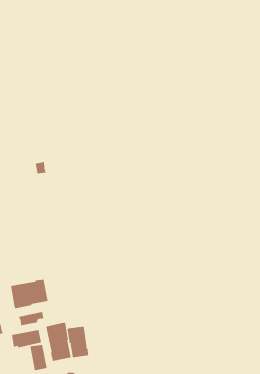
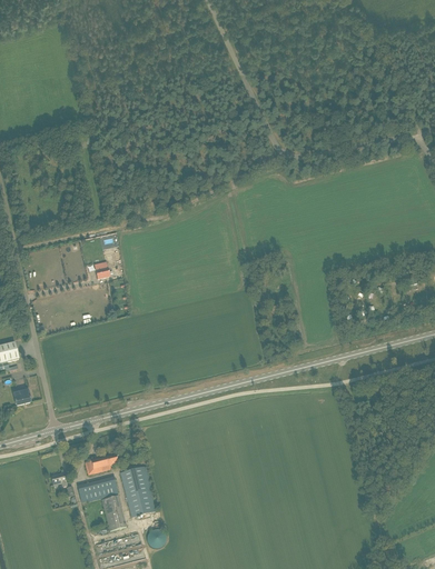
building: [10,279,48,309] -> none
building: [67,326,89,358] -> none

